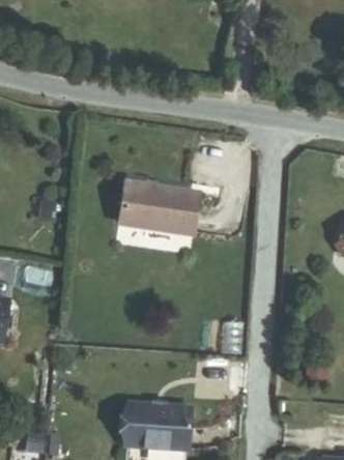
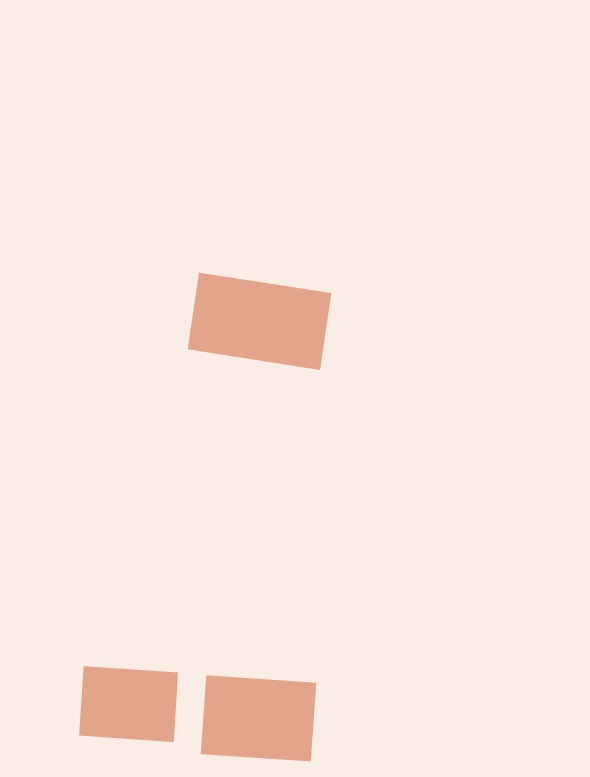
building: none -> [79,666,179,743]

